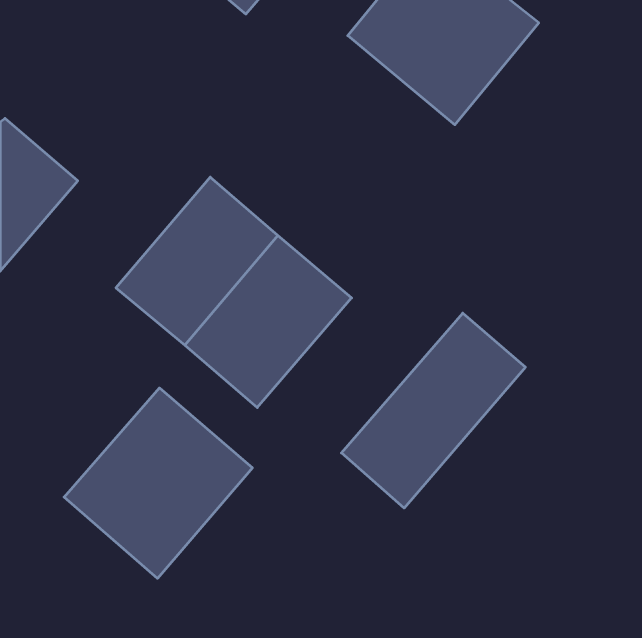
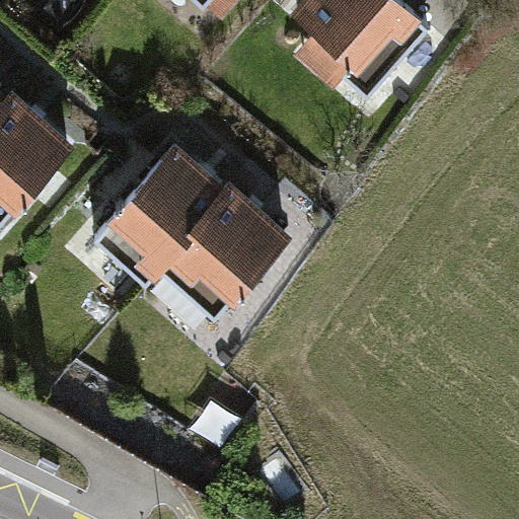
building: [341,313,525,508] -> none
building: [64,388,252,578] -> none

